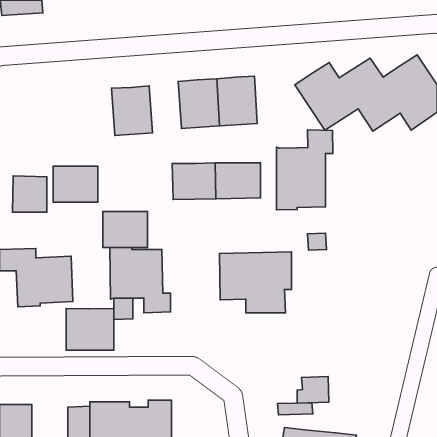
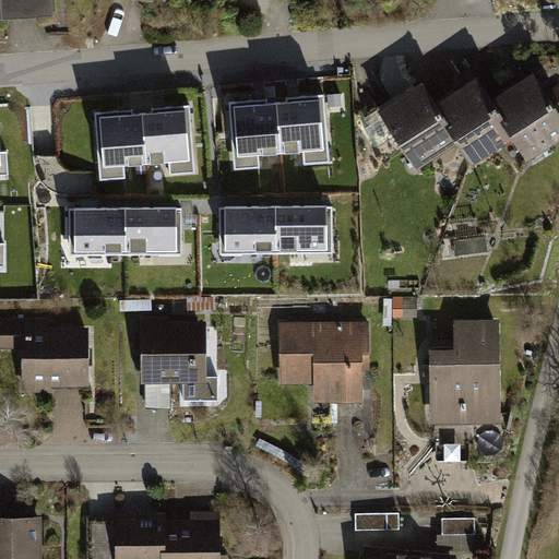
building: none -> [94,114,146,177]
building: [276,130,333,210] -> none
building: [13,176,47,212] -> none
building: [103,212,147,248] -> [126,213,182,259]
building: none -> [427,319,500,424]
building: [66,308,114,350] -> none
building: [297,377,329,403] -> [435,518,475,551]

